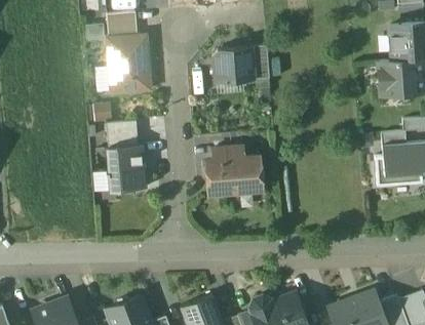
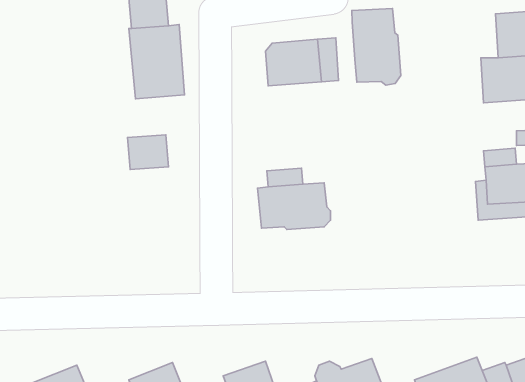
building: none -> [352,8,401,85]
building: [106,145,147,192] -> none

